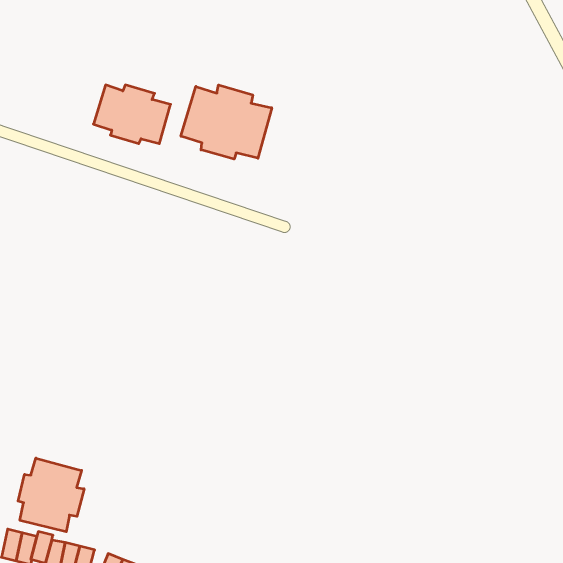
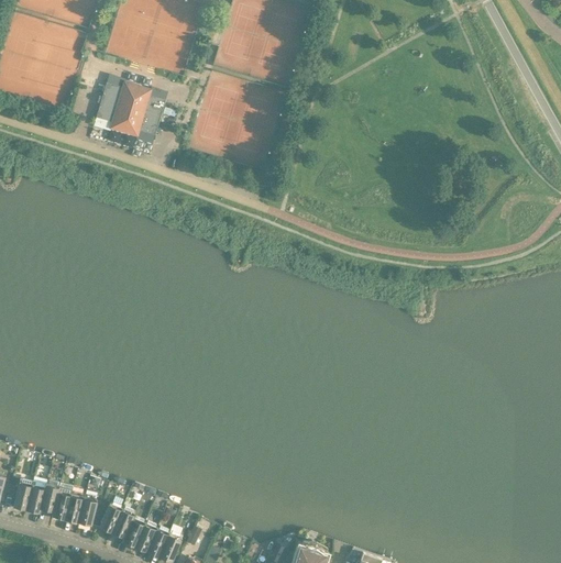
building: [181,85,272,159] -> none
building: [18,458,84,532] -> none

